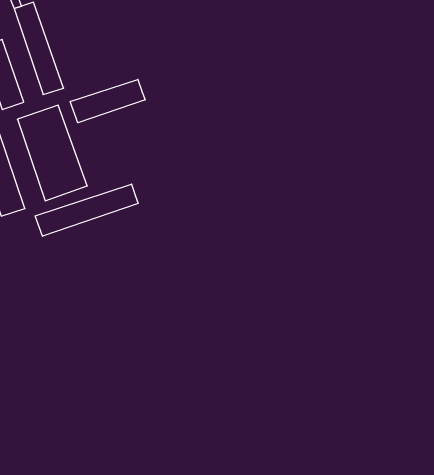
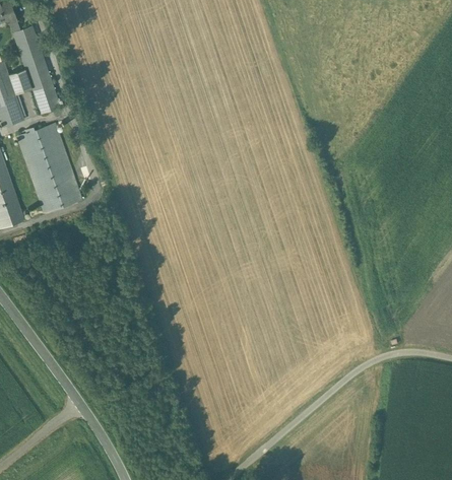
building: [70,79,145,123] -> none
building: [35,184,138,236] -> none

